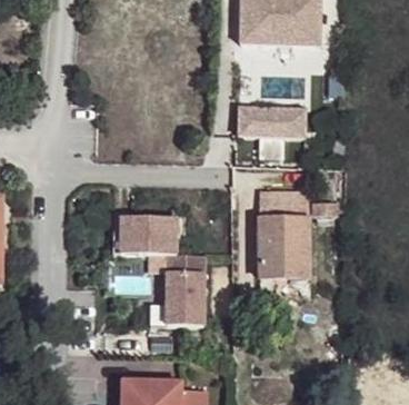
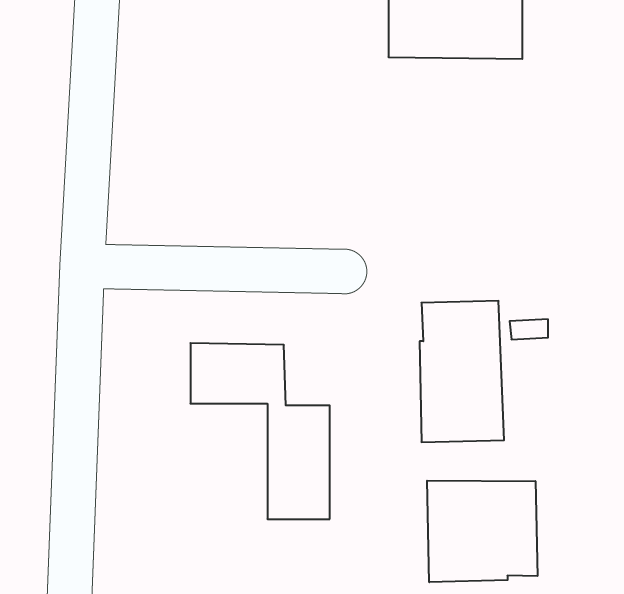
building: [237,107,305,136] -> none
building: none -> [427,481,537,582]

